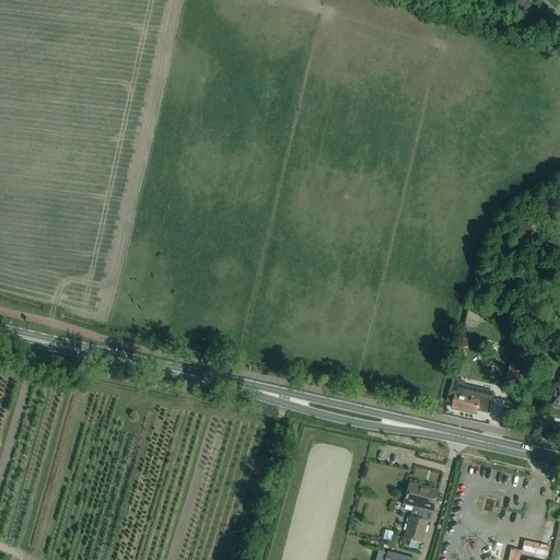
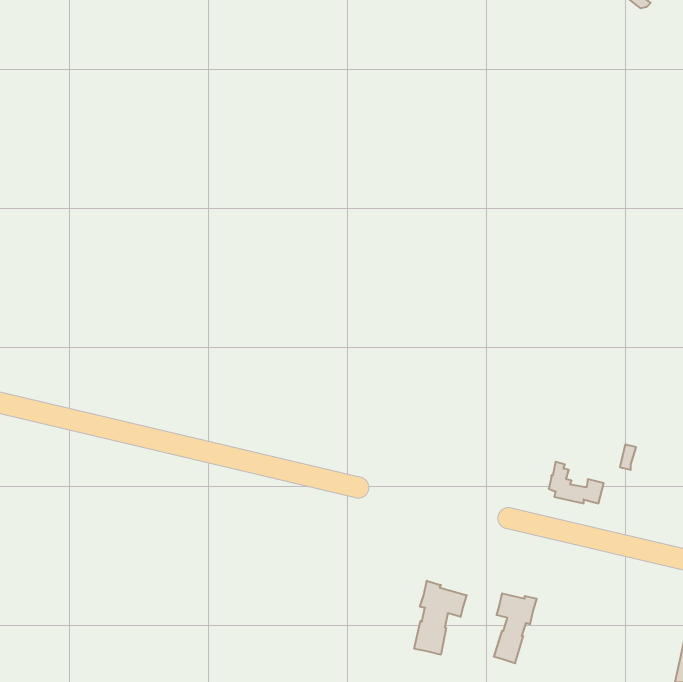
building: none -> [414,581,467,655]

